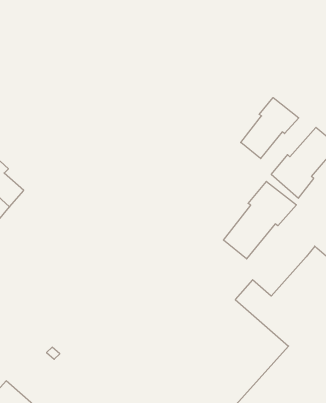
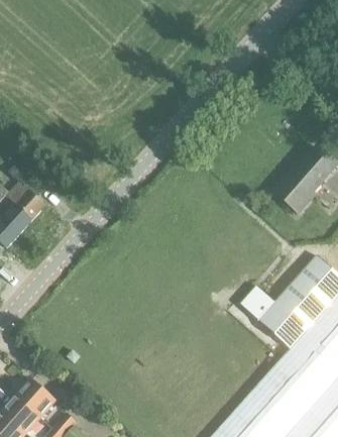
building: [241,98,299,159] -> none
building: [223,181,296,259] -> none

